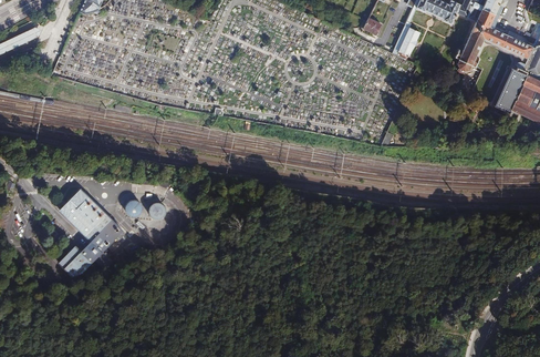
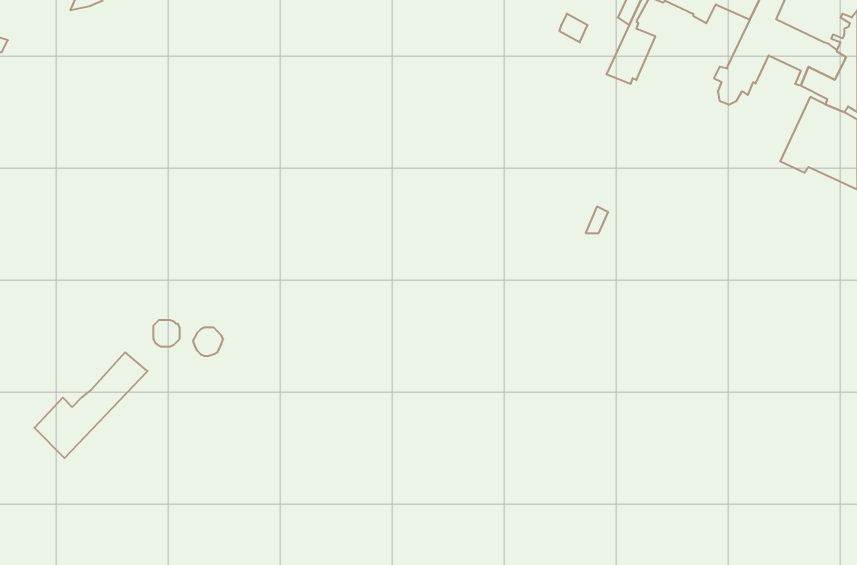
building: [58,185,110,237] -> none

